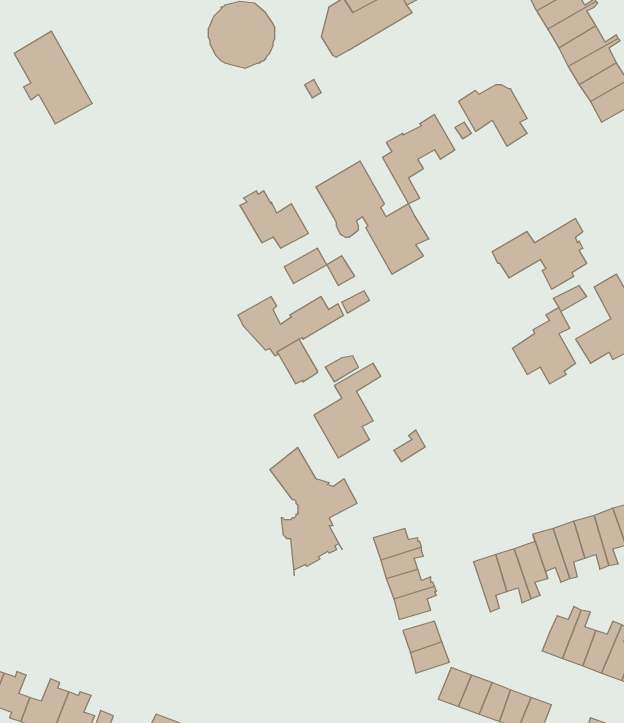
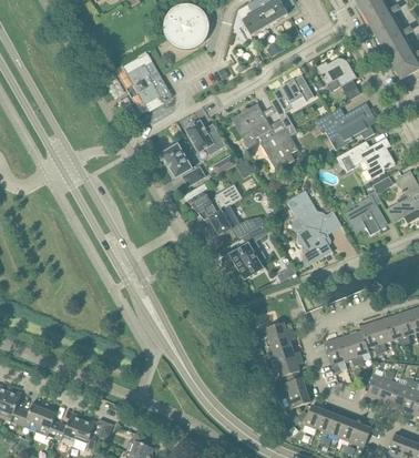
building: [14,31,92,124] -> [124,53,171,109]
building: none -> [314,102,374,145]
building: none -> [160,143,204,186]
building: [270,447,357,575] -> [288,191,340,267]

